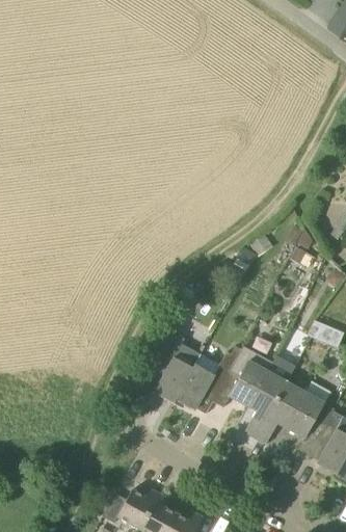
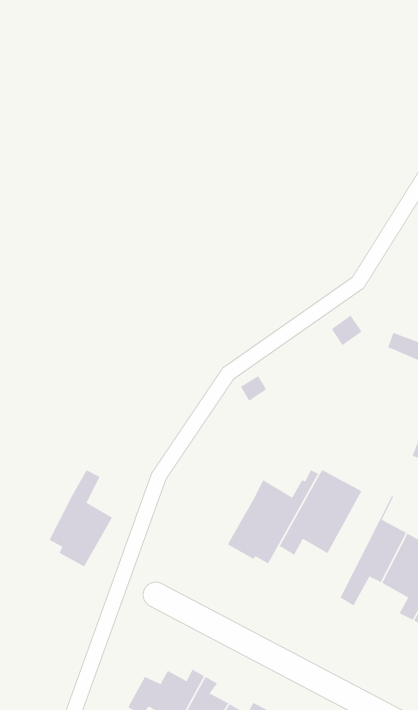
building: [149,334,196,404] -> [48,469,115,568]
building: [246,355,295,438] -> none

